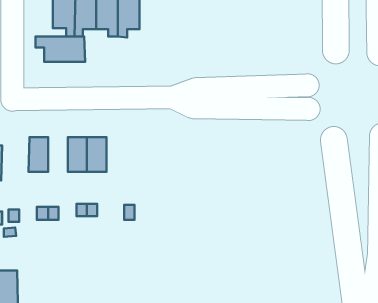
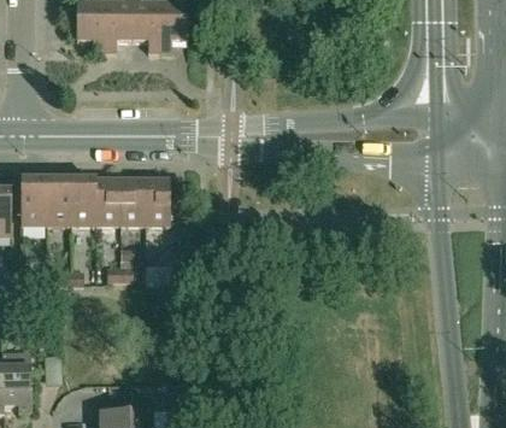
building: [35,37,85,62] -> none
building: none -> [143,175,180,224]
building: none -> [19,180,45,224]
building: none -> [69,180,94,224]

